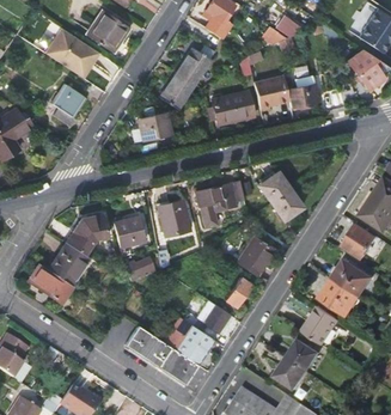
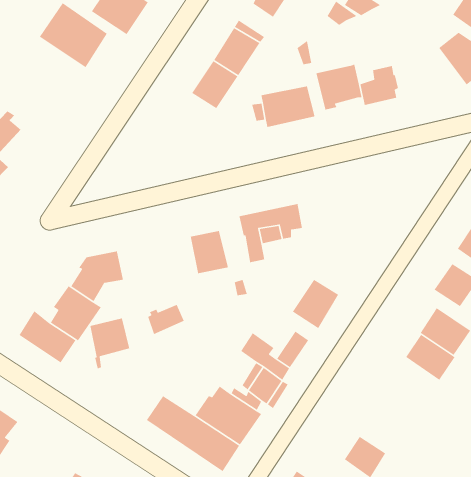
building: [48,83,79,124] -> none
building: [138,112,173,140] -> none
building: [259,170,301,219] -> none
building: [115,215,146,255] -> [89,318,130,369]
building: [303,303,340,343] -> none
building: [287,337,319,370] -> none

